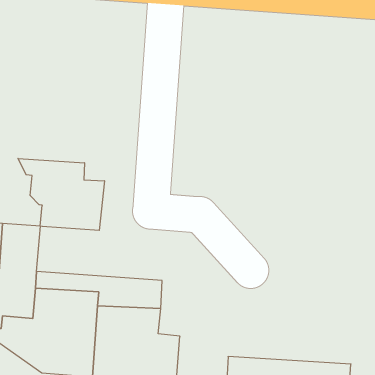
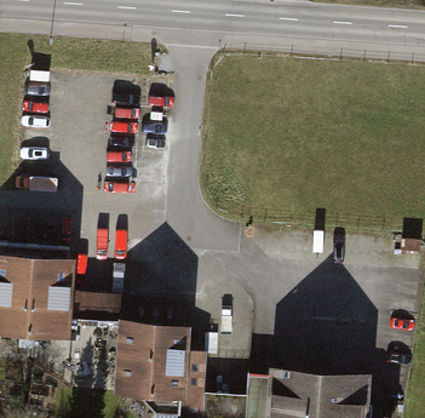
building: [18,158,104,230] -> none

